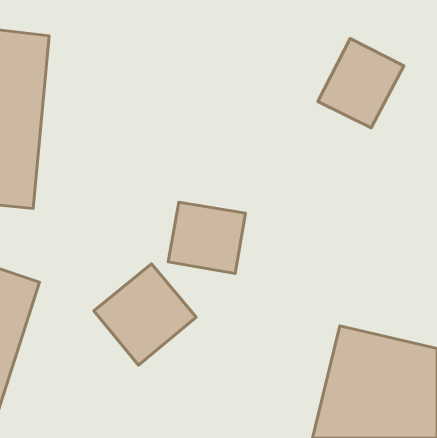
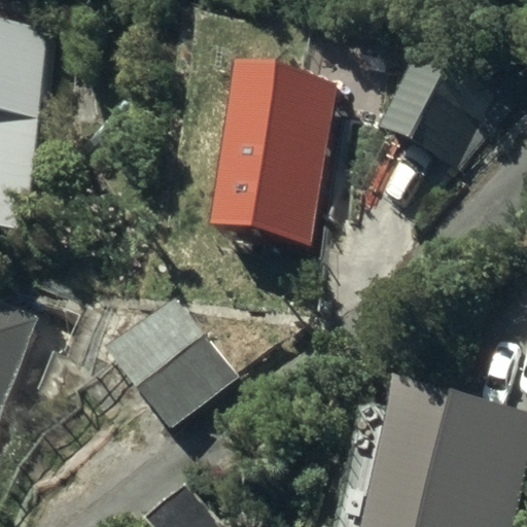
building: none -> [209,57,336,236]
building: [168,202,245,274] -> none

